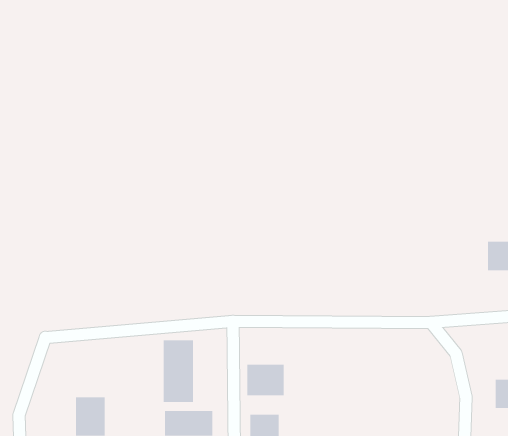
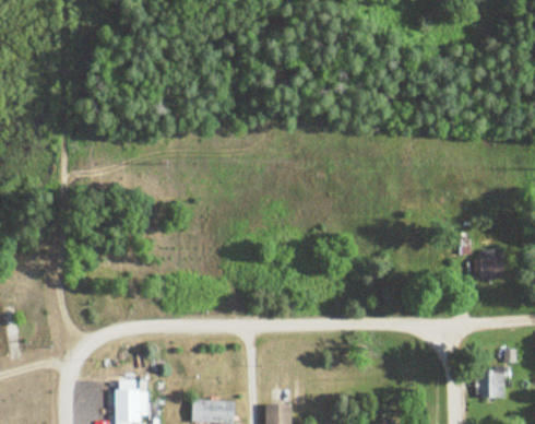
building: [163,340,194,403] -> none
building: [247,364,285,396] -> none

